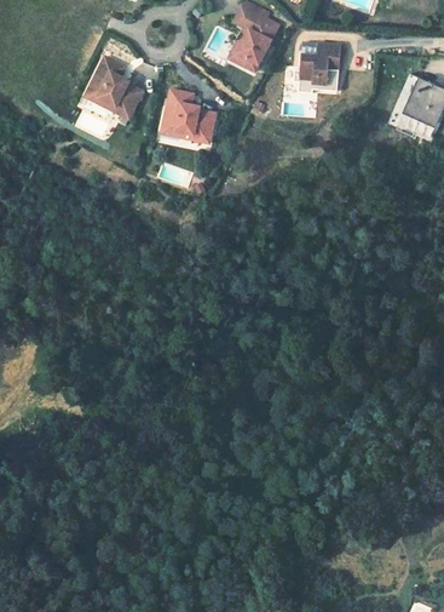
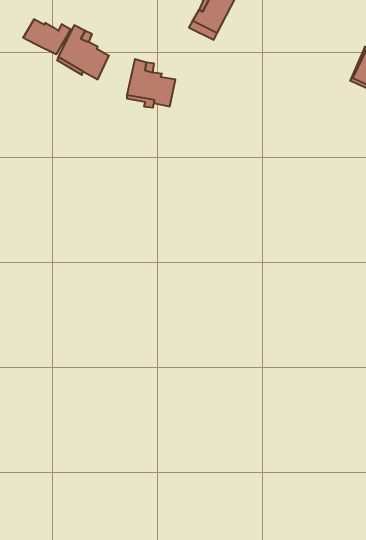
building: [299,45,339,85] -> none
building: none -> [23,19,71,54]

